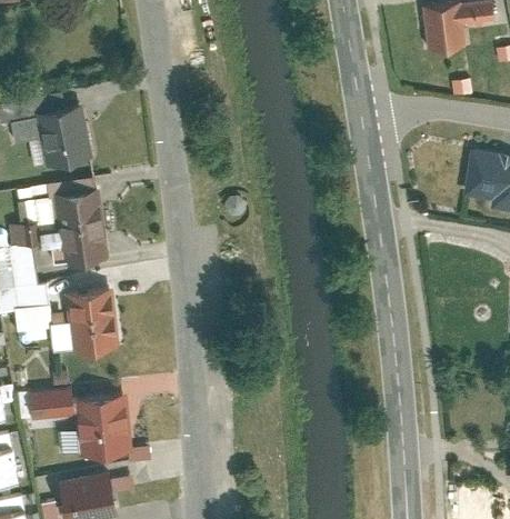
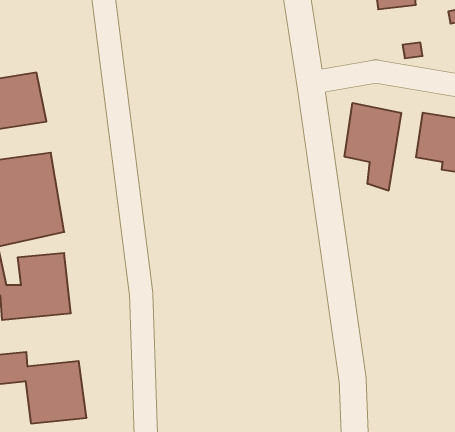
building: none -> [345,103,401,191]

